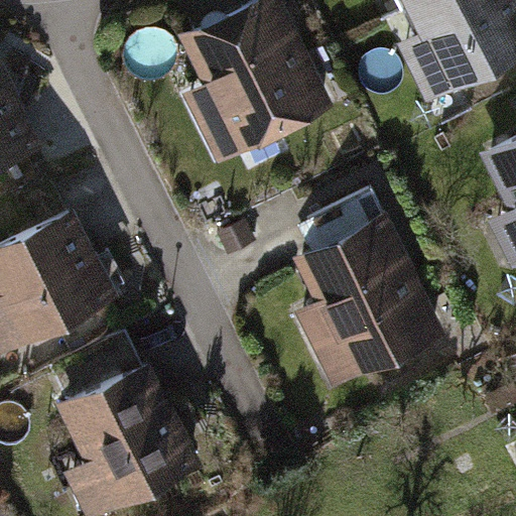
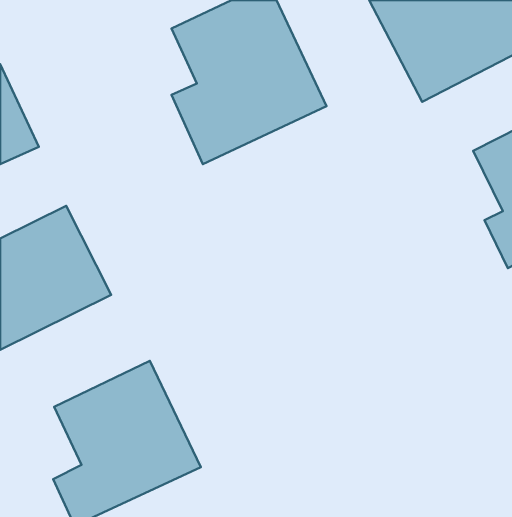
building: [294,215,445,386] -> none

